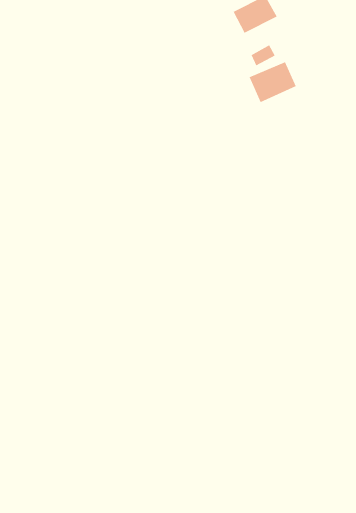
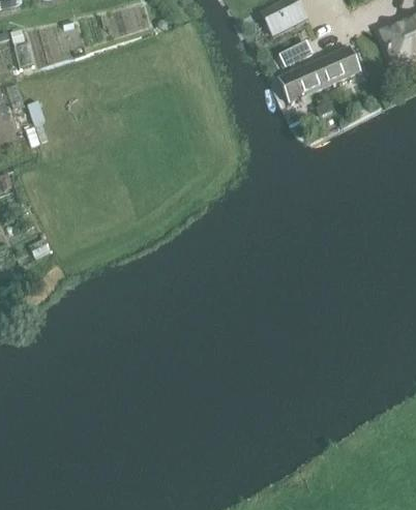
building: none -> [314,46,360,86]

